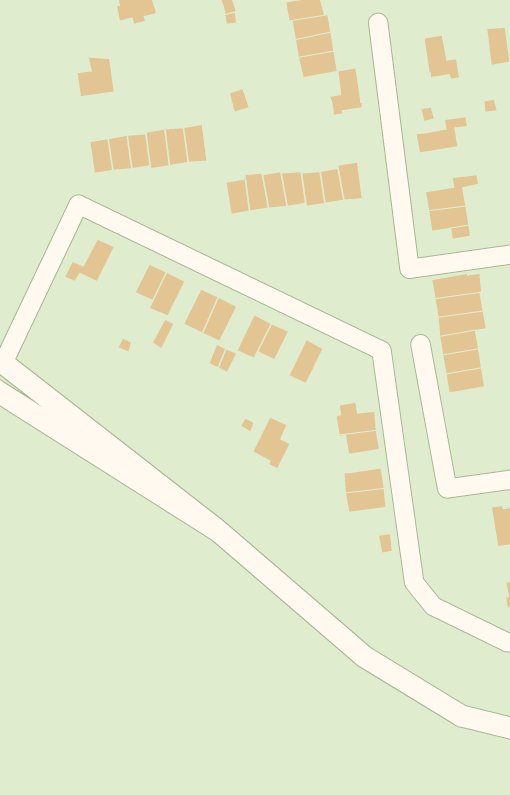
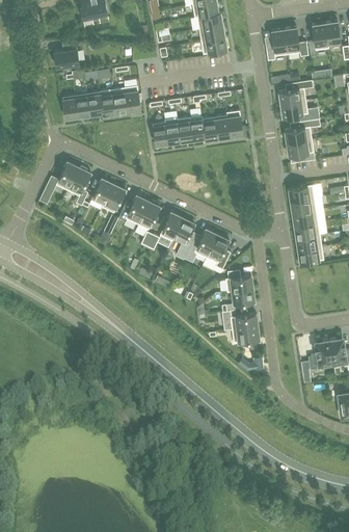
building: none -> [308,22,328,55]
building: [330,68,363,115] -> [266,28,288,59]
building: none -> [280,100,320,121]
building: none -> [68,165,90,205]
building: [253,417,290,469] -> [206,234,231,268]
building: none -> [308,339,332,369]

